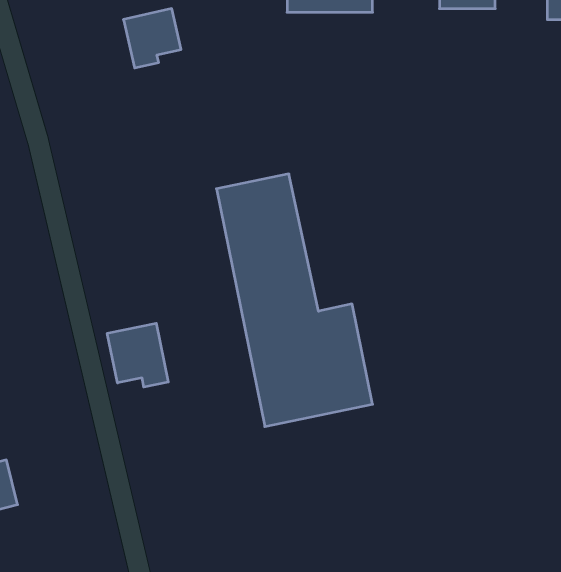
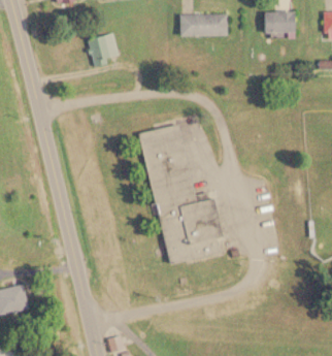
building: [107,323,168,387] -> none

